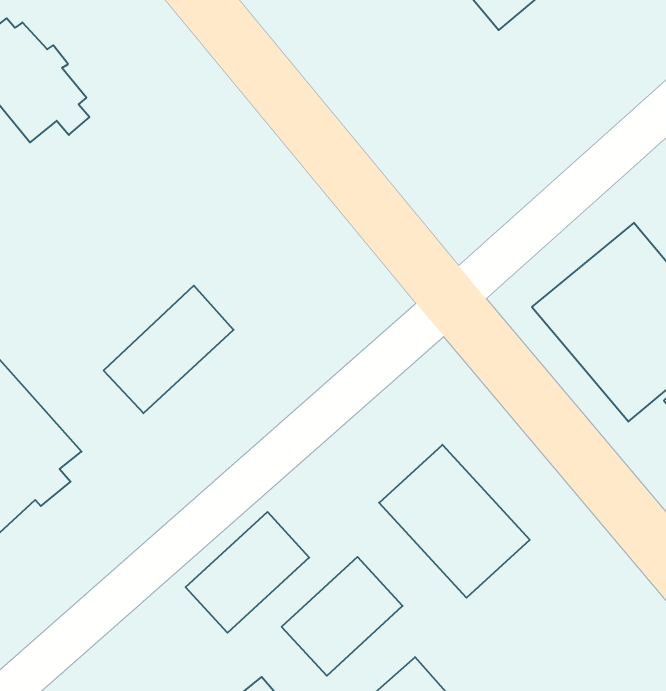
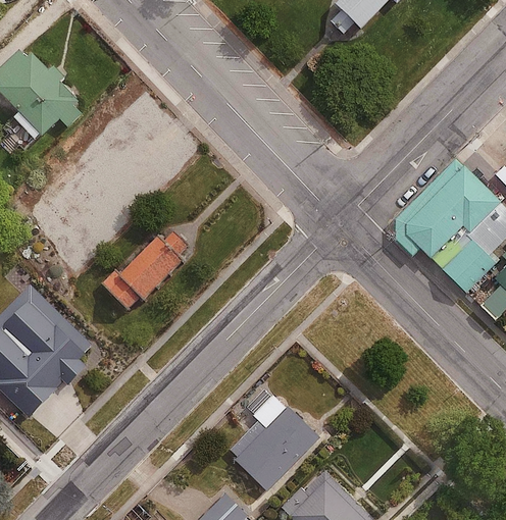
building: [379,445,530,598] -> none
building: [186,512,309,633] -> none

